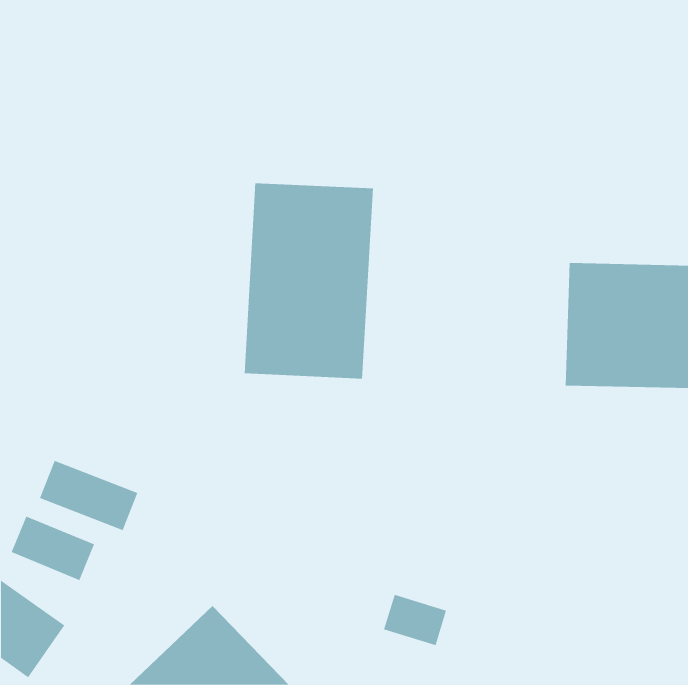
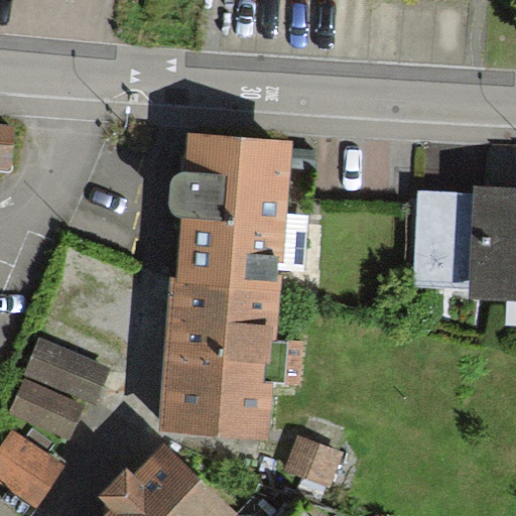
building: none -> [162,278,266,427]

